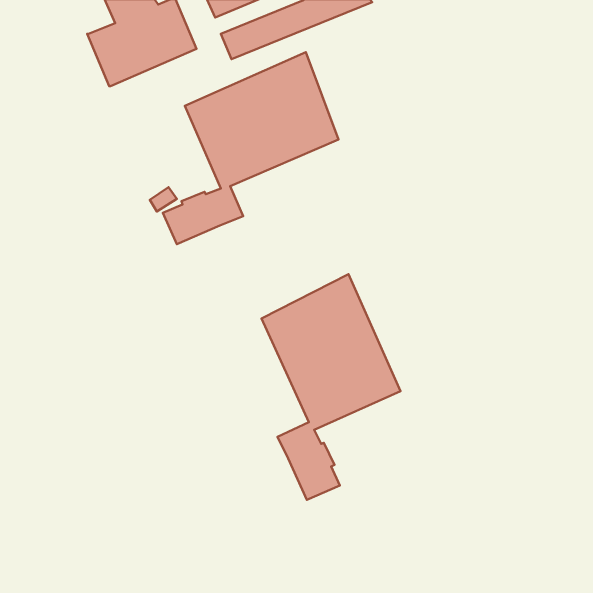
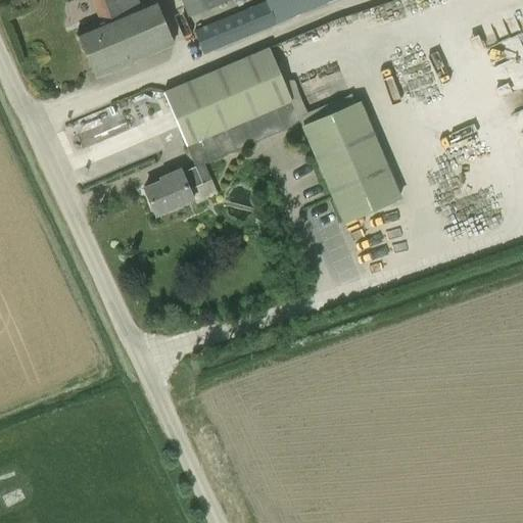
building: none -> [302,101,400,221]
building: [262,274,401,500] -> none

